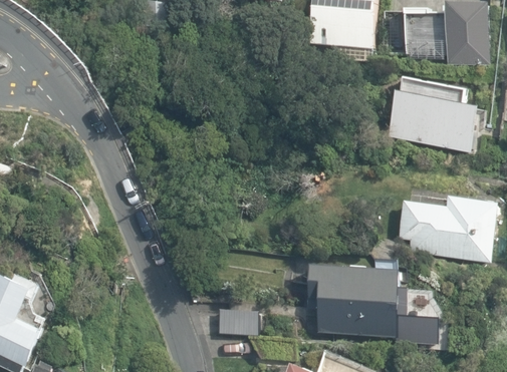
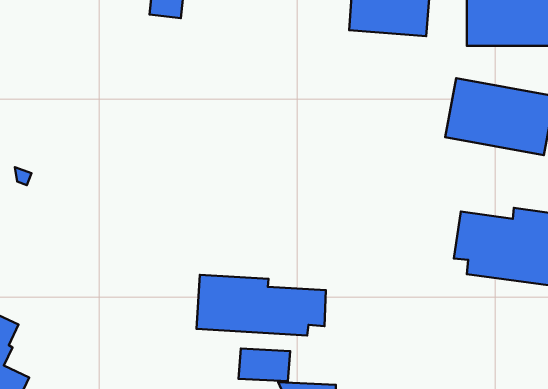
building: none -> [197,275,326,336]
building: [307,262,410,335] -> none

